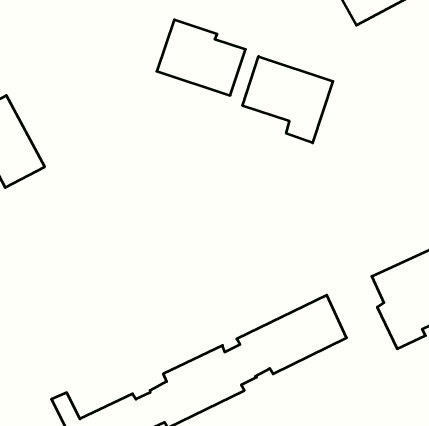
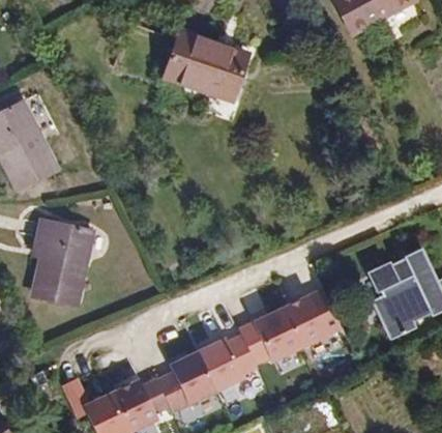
building: [243,56,333,143] -> none
building: none -> [33,219,91,306]

